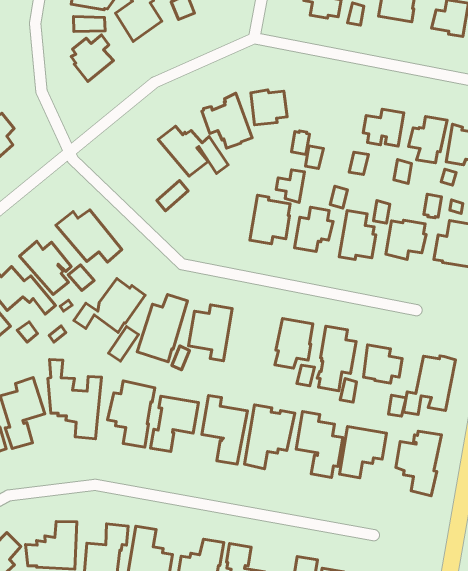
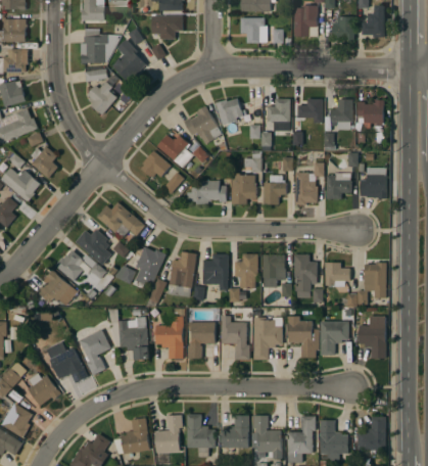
building: none -> [267,98,289,122]
building: none -> [139,150,171,177]
building: none -> [186,180,226,204]
building: none -> [228,254,257,307]

